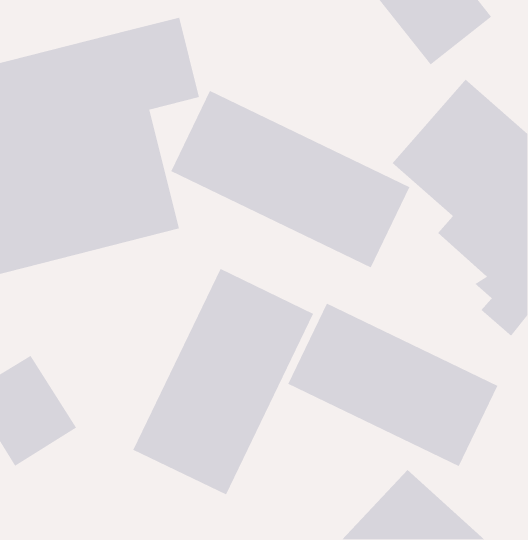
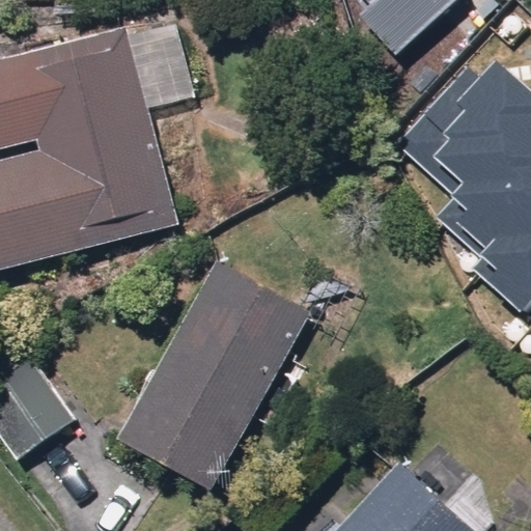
building: [170,90,410,268] -> none
building: [287,303,499,467] -> none

